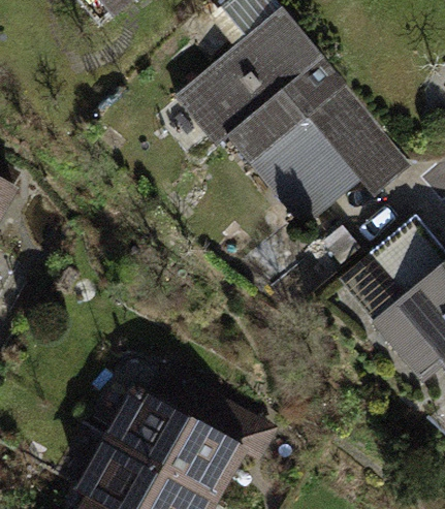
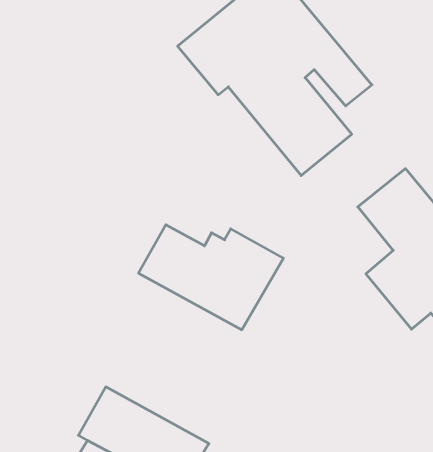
building: [109,387,257,495] -> [139,225,283,330]

